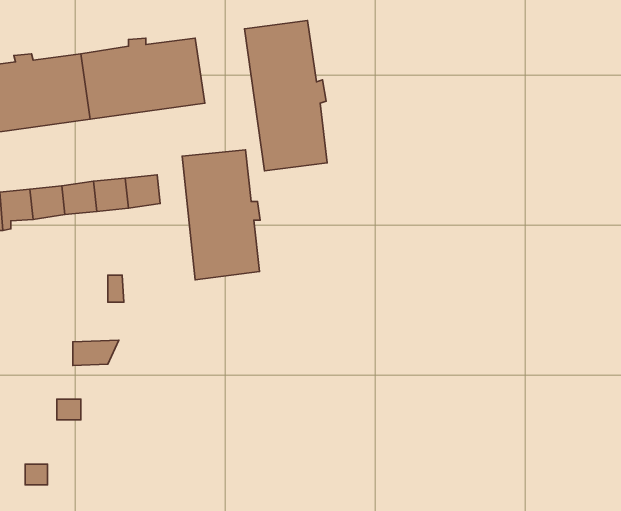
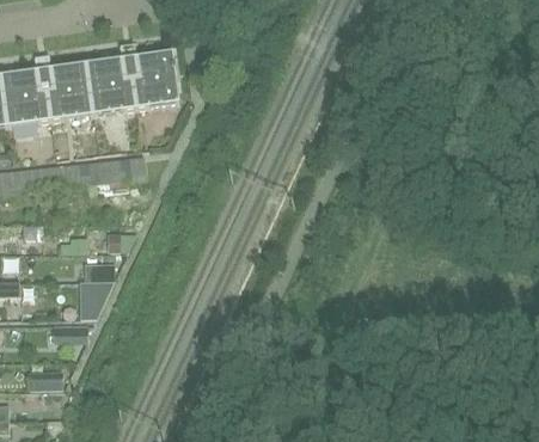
building: [245,21,327,171] -> none
building: [182,150,260,280] -> none

